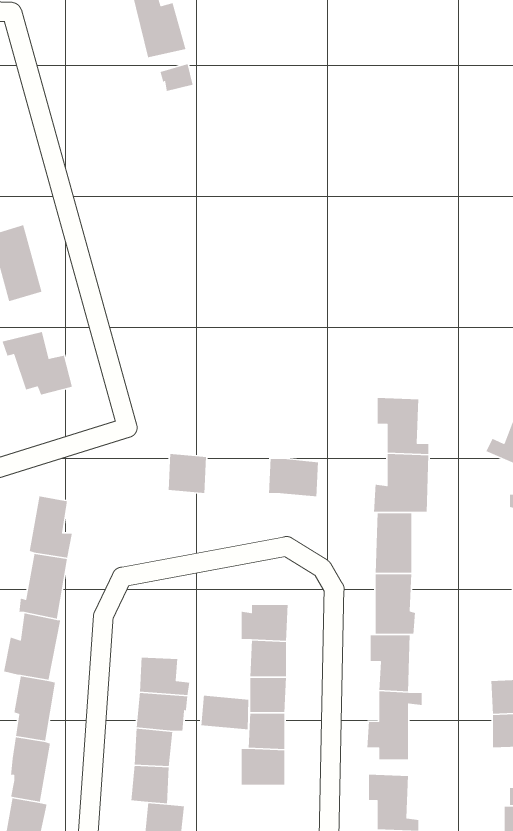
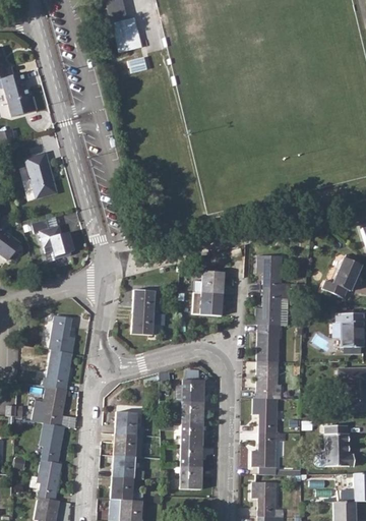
building: none -> [201,271,225,295]
building: none -> [130,312,155,336]
building: [200,695,249,730] -> none

